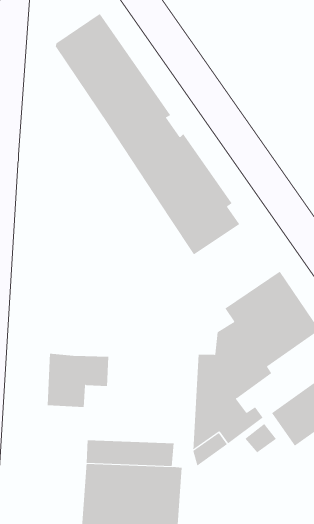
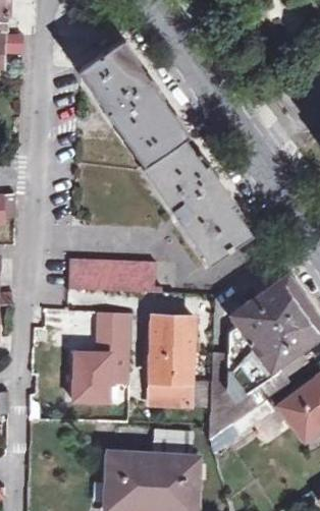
building: none -> [67,261,162,295]
building: none -> [98,313,131,356]
building: none -> [150,317,194,405]

